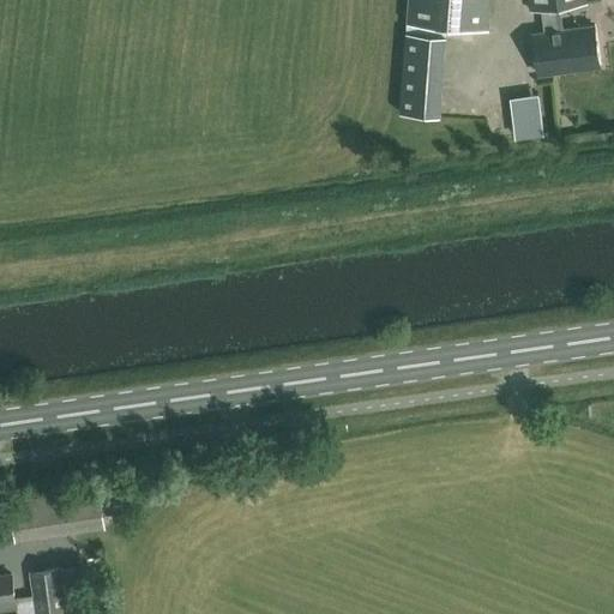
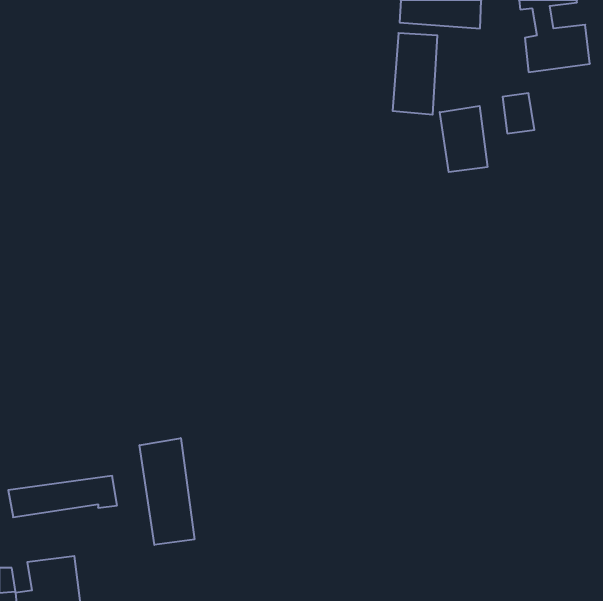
building: none -> [440,106,487,172]
building: none -> [140,438,194,545]

